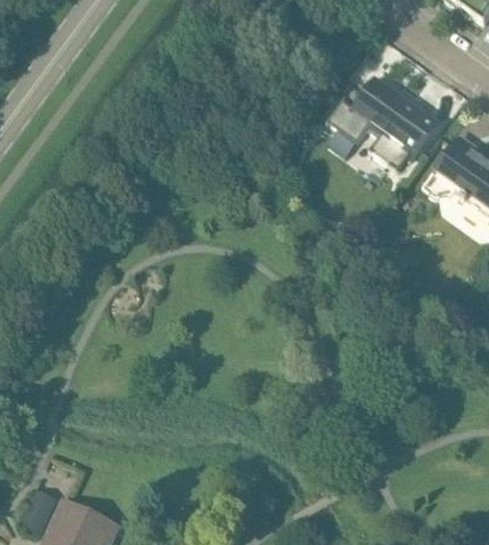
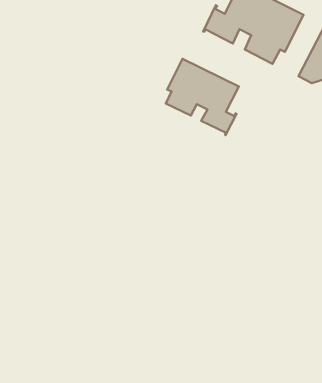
building: none -> [166,59,239,135]

